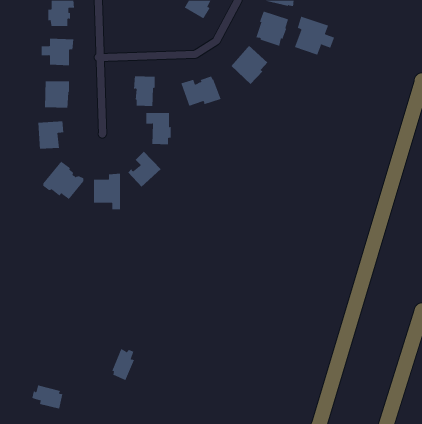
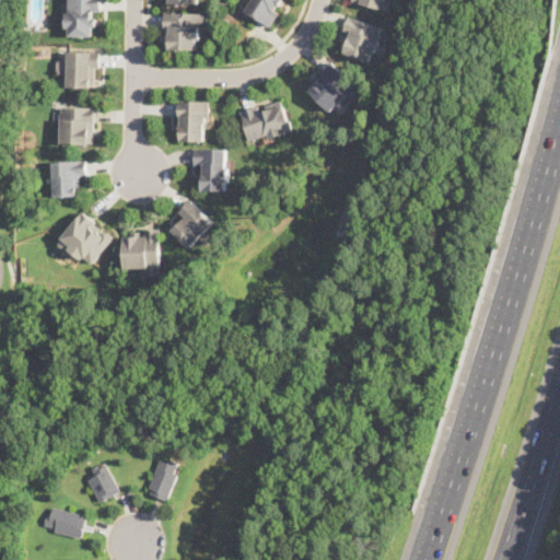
building: none -> [161,14,203,50]
building: [294,16,335,55] -> none
building: none -> [84,466,119,503]

